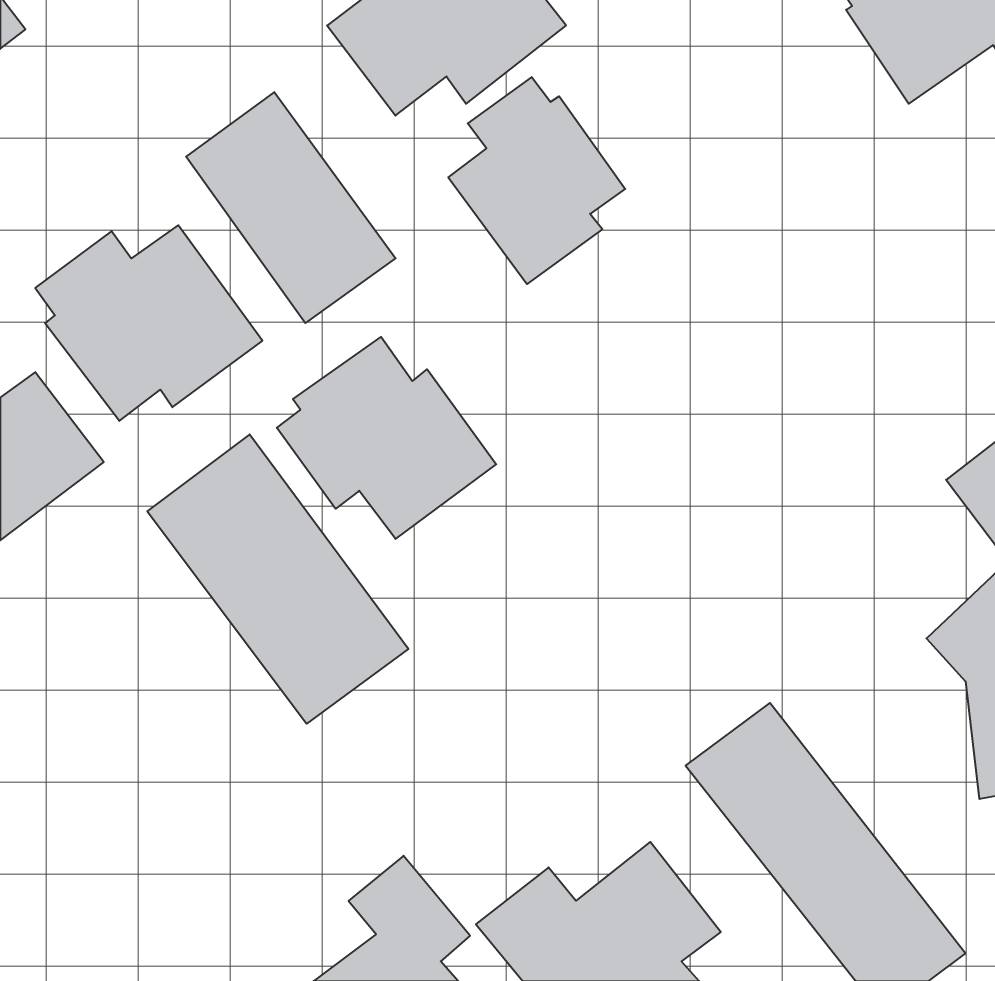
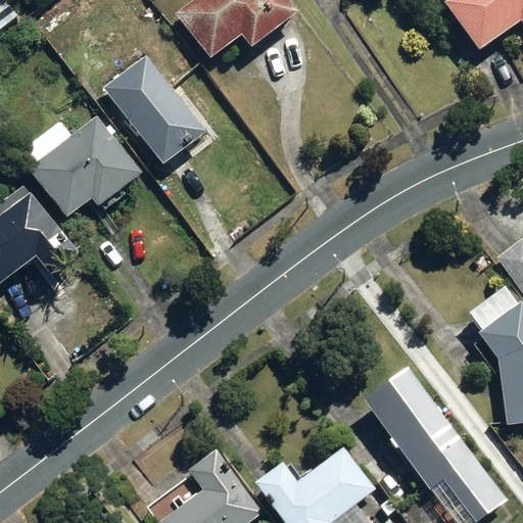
building: [448,77,625,284] -> none
building: [277,337,496,539] -> none
building: [147,434,408,724] -> none

